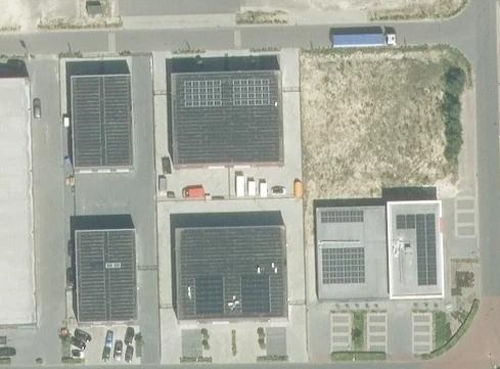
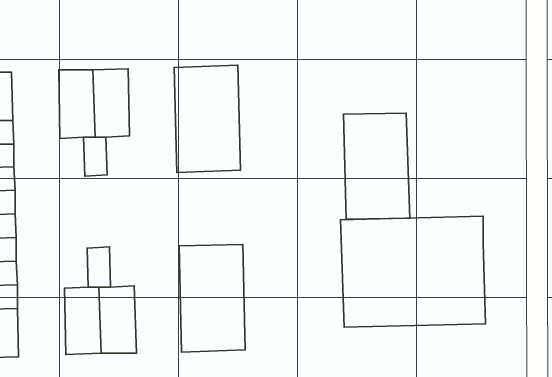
building: [225,72,282,164] -> [344,113,410,219]
building: [110,134,132,168] -> none
building: [71,135,92,169] -> none
building: [229,227,286,319] -> none
building: [113,230,135,265] -> none
building: [74,231,95,266] -> none

